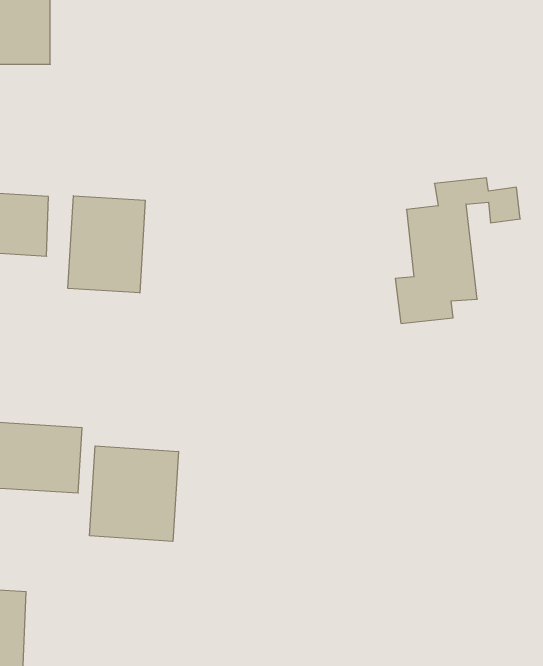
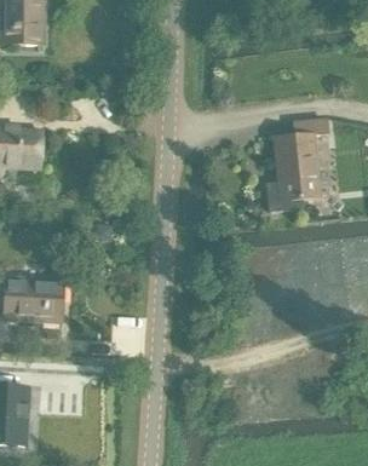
building: [68,196,145,293] -> none
building: [90,446,178,541] -> none

